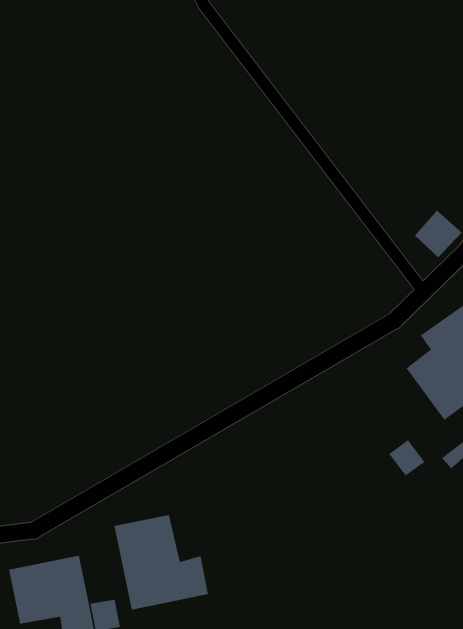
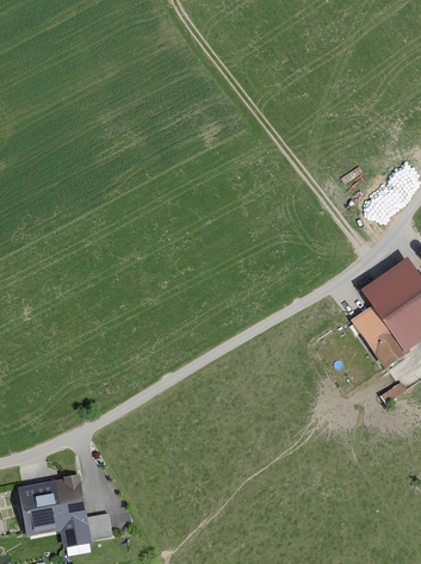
building: [388,439,426,477] -> none
building: [114,514,209,611] -> none

